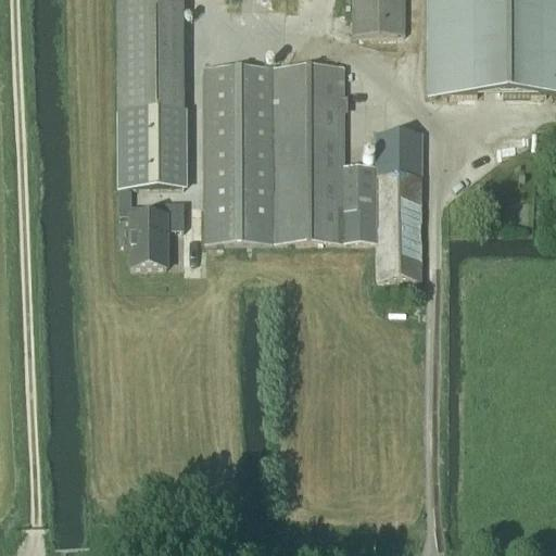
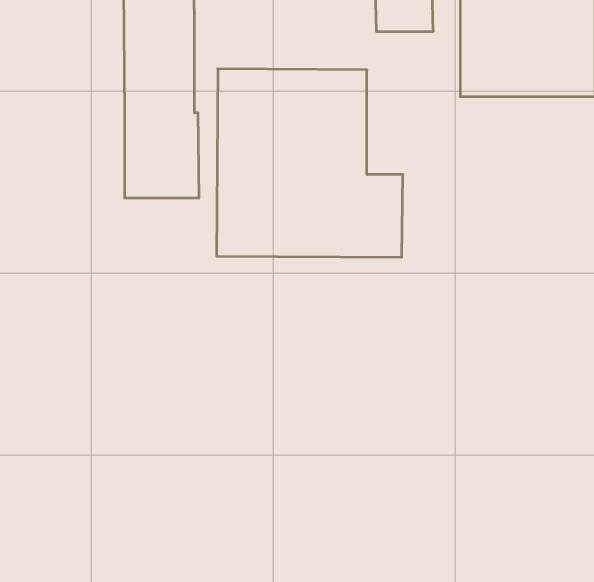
building: [376,129,422,276] -> none
building: [128,200,182,264] -> none

